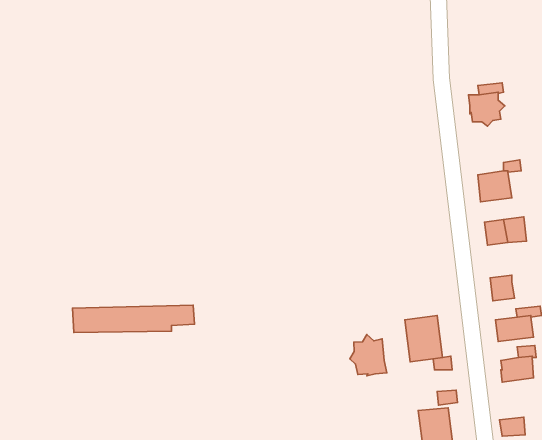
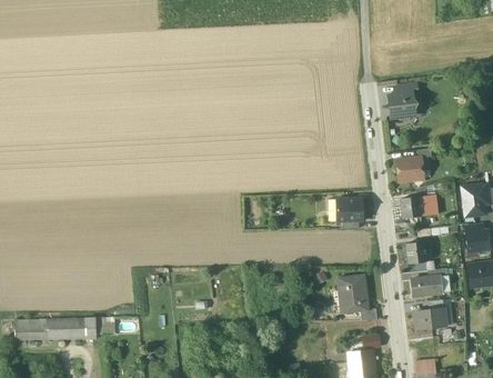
building: none -> [328,198,362,221]
building: [73,305,195,332] -> [14,317,114,339]
building: [350,334,387,376] -> none

